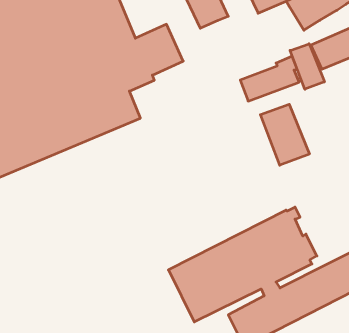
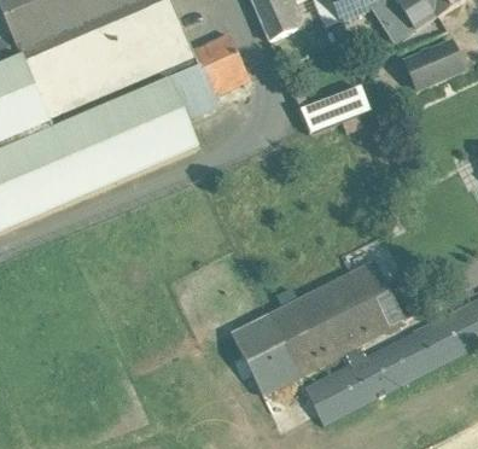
building: [290,44,324,89] -> none
building: [260,104,309,165] -> none

